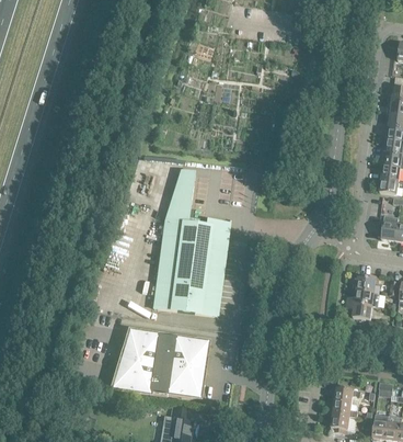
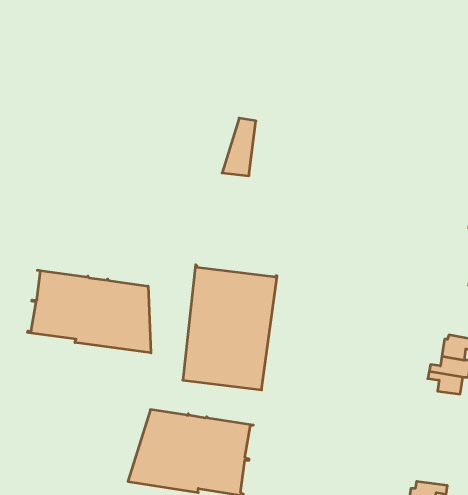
building: [166,170,193,215] -> [222,118,256,176]
building: none -> [27,270,151,353]

